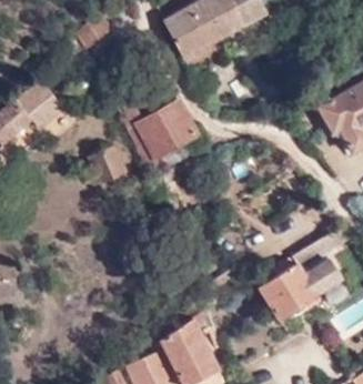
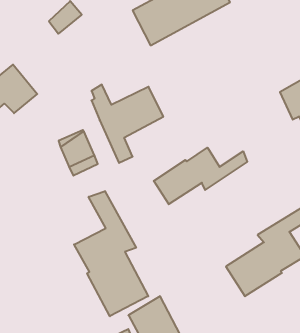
building: none -> [154,148,247,204]
building: none -> [74,191,148,316]

